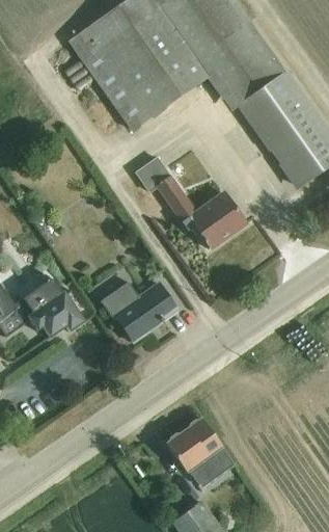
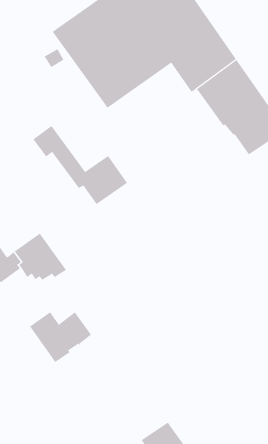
building: [134,155,246,248] -> [33,125,128,205]
building: [103,281,176,341] -> [29,312,92,363]
building: [167,418,234,486] -> none

